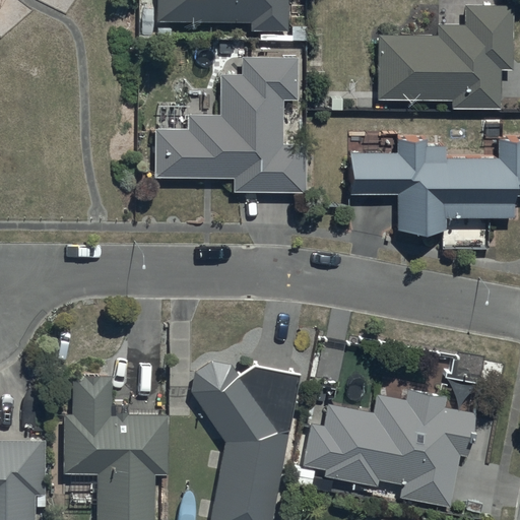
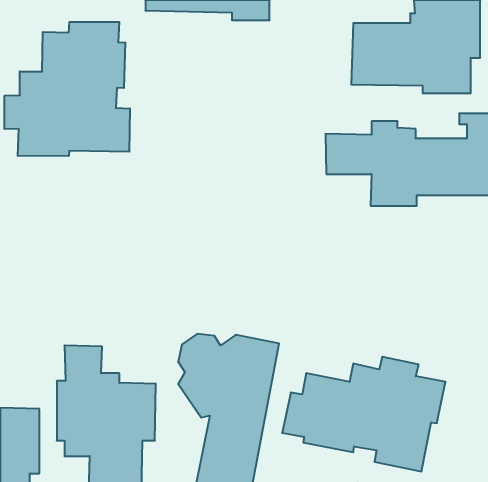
building: none -> [4,22,130,156]
building: [155,59,316,198] -> none

